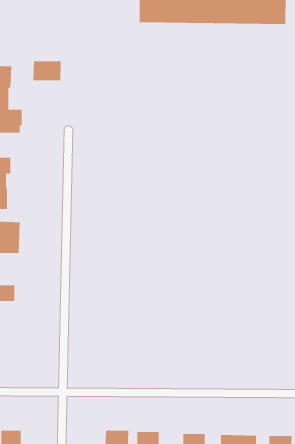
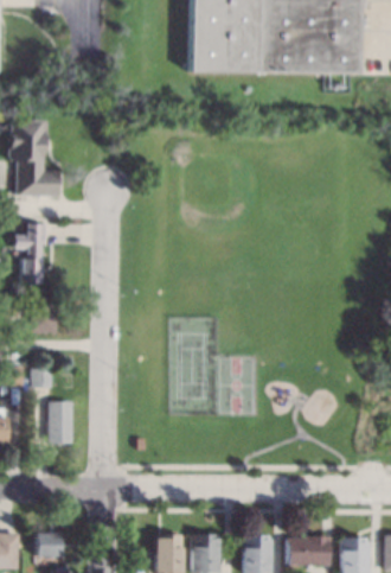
building: [33,60,61,81] -> none
building: none -> [49,401,72,443]

